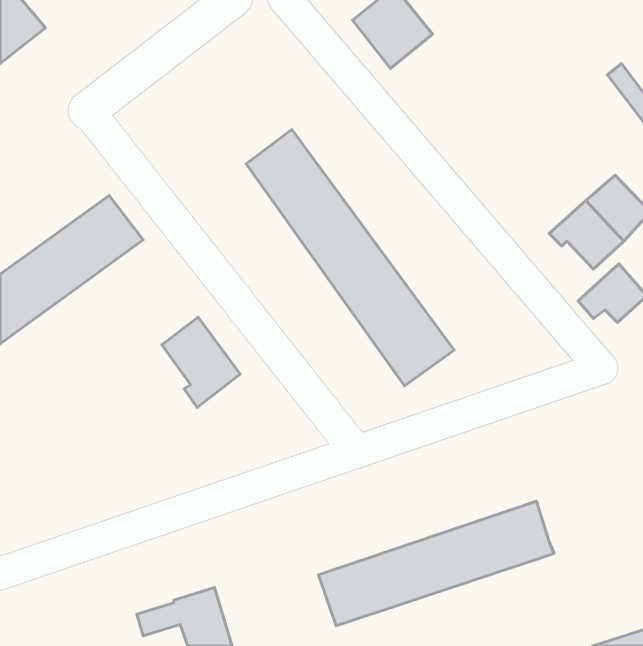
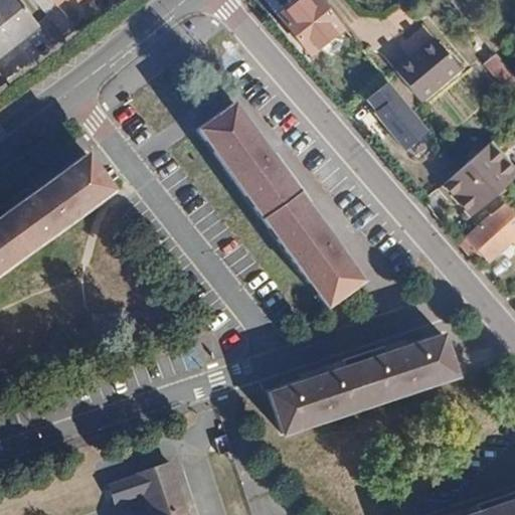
building: none -> [395,32,460,96]
building: none -> [369,81,432,150]
building: [162,317,240,407] -> none
building: [318,501,554,626] -> [272,334,459,433]

